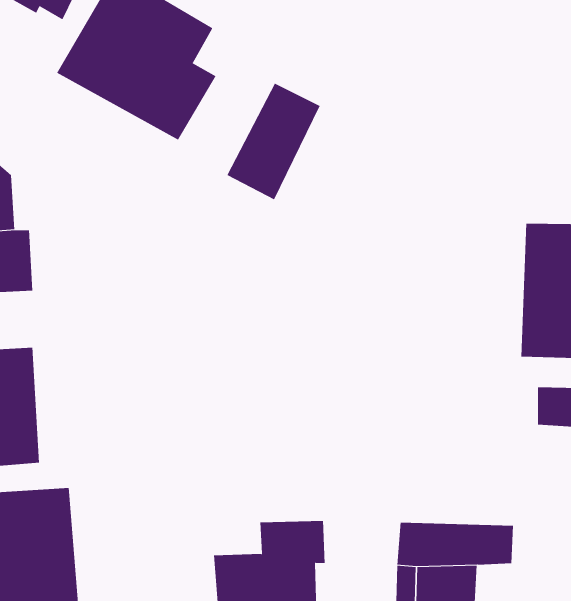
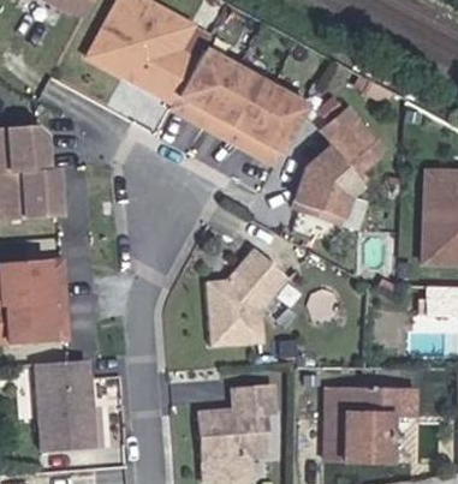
building: none -> [168,46,240,132]
building: none -> [240,82,309,168]
building: none -> [290,104,386,225]
building: none -> [206,247,290,348]

